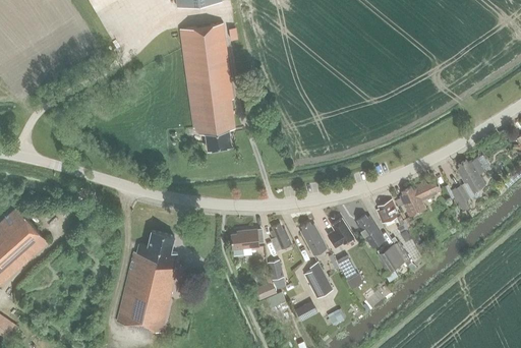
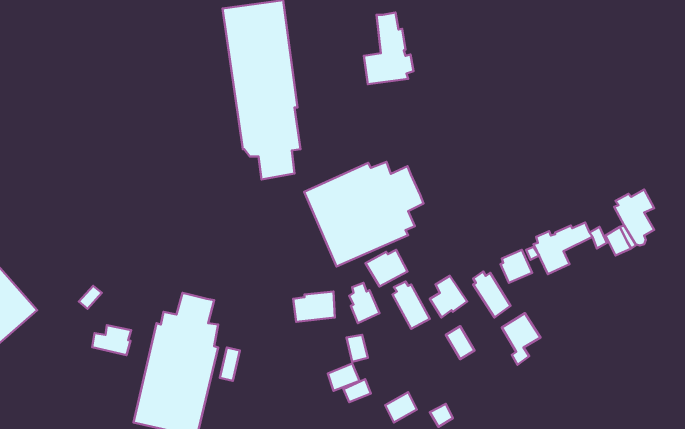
building: none -> [364,13,413,84]
building: none -> [304,162,424,267]
building: none -> [366,250,407,286]
building: none -> [92,325,131,355]
building: [302,263,332,299] -> none

